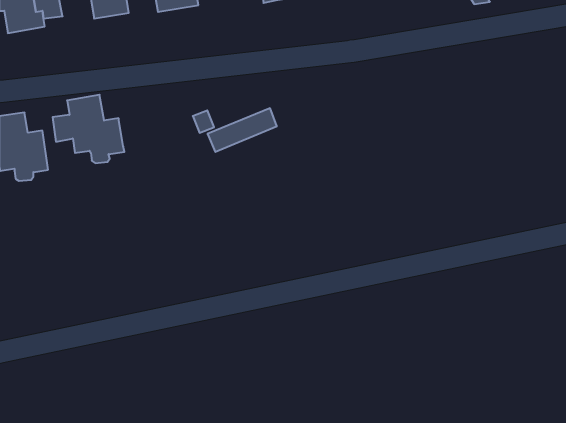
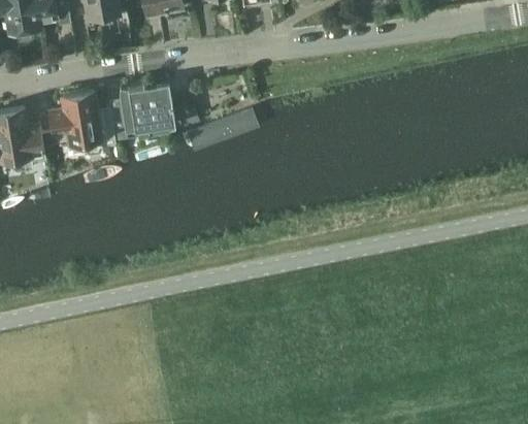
building: none -> [109,81,174,140]

